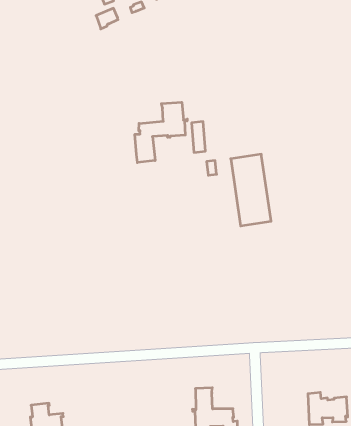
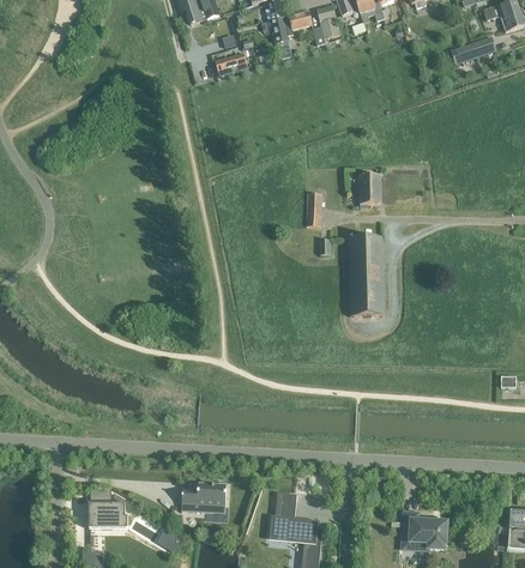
building: none -> [360,174,381,207]
building: [135,102,187,163] -> none
building: none -> [182,483,227,510]

